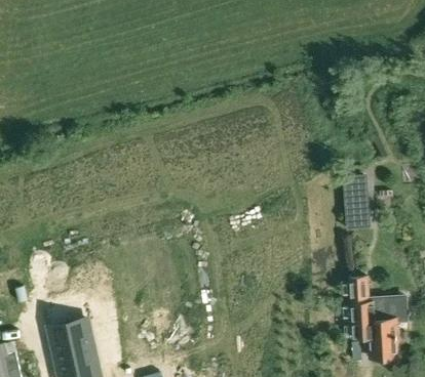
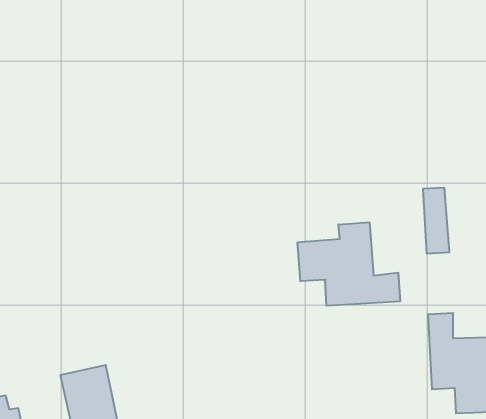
building: none -> [298,222,400,306]

